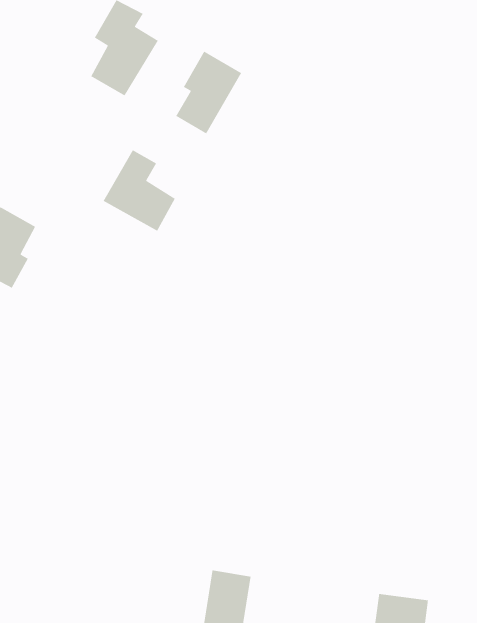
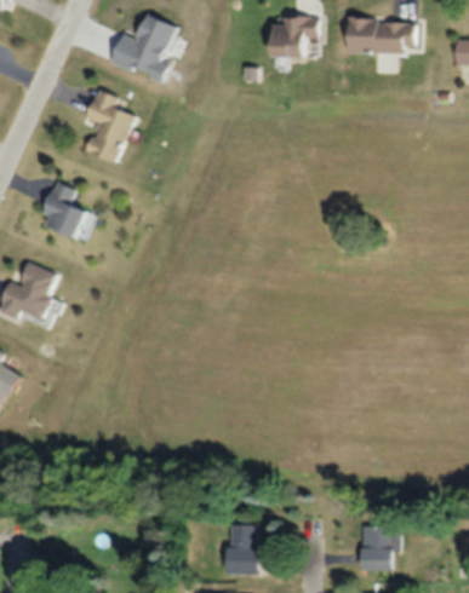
building: [175,51,242,134] -> none
building: [102,149,176,232] -> [38,182,95,243]

